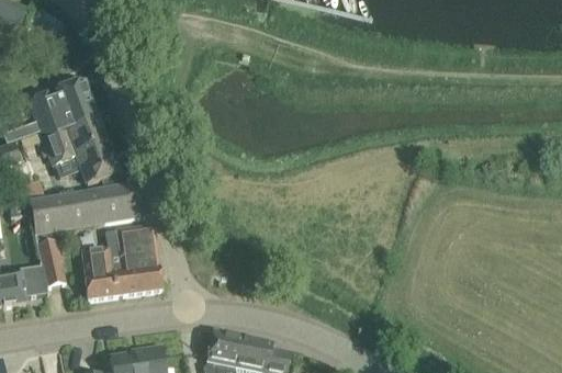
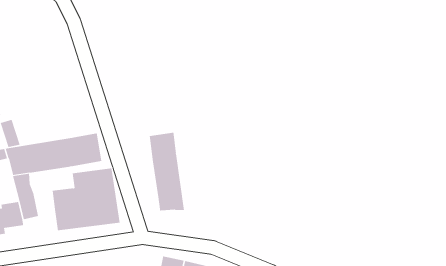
building: [29,80,117,184] -> none
building: none -> [149,132,184,212]

